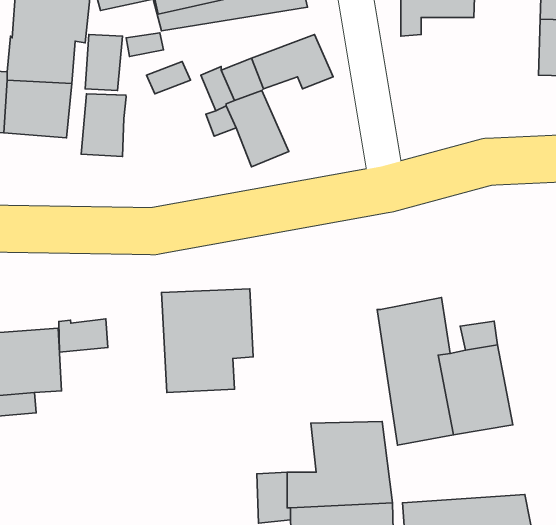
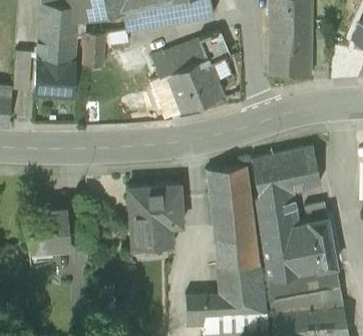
building: none -> [269,23,313,76]
building: none -> [188,58,225,102]
building: [81,94,126,157] -> none
building: none -> [251,145,321,196]
building: none -> [207,165,259,263]
building: [59,319,108,352] -> none
building: none -> [266,264,343,310]

